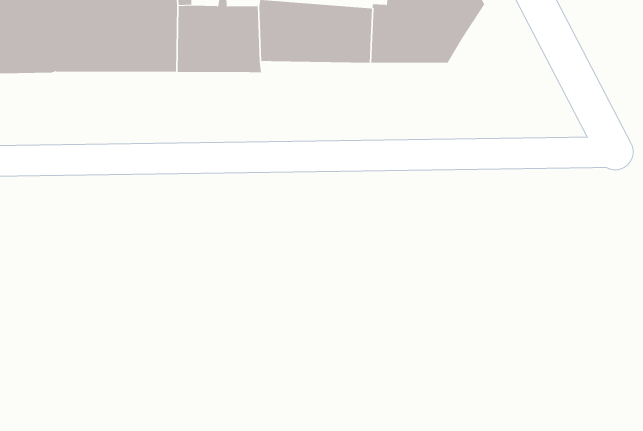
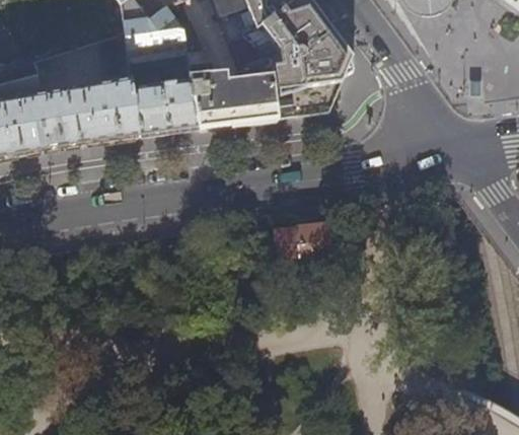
building: none -> [277,223,328,256]

